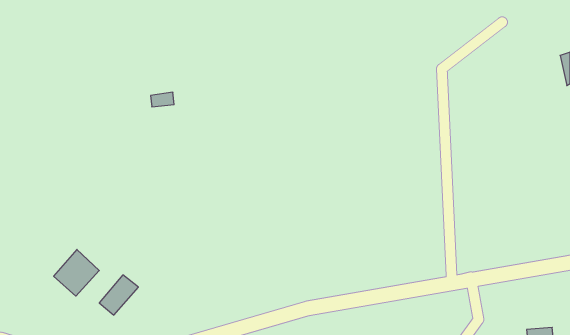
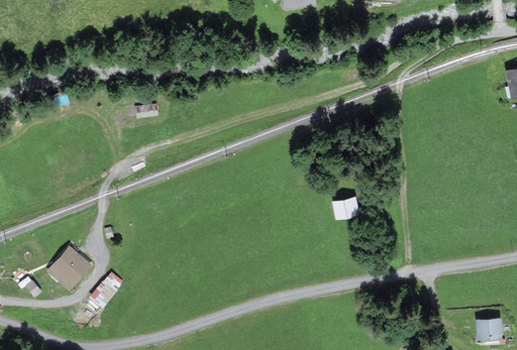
building: none -> [333,197,358,219]

